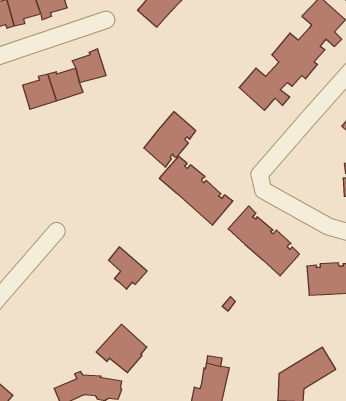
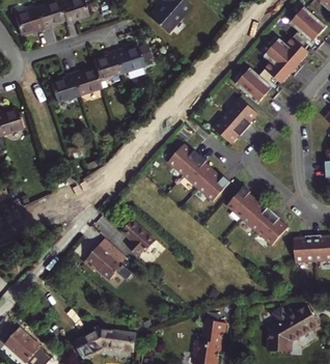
building: none -> [114,47,143,74]
building: [144,112,196,167] -> [213,96,257,144]
building: [96,324,147,373] -> [84,239,128,280]

